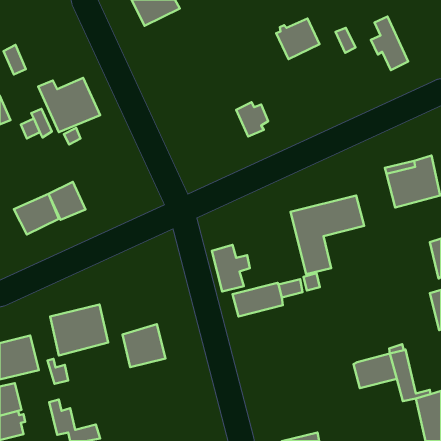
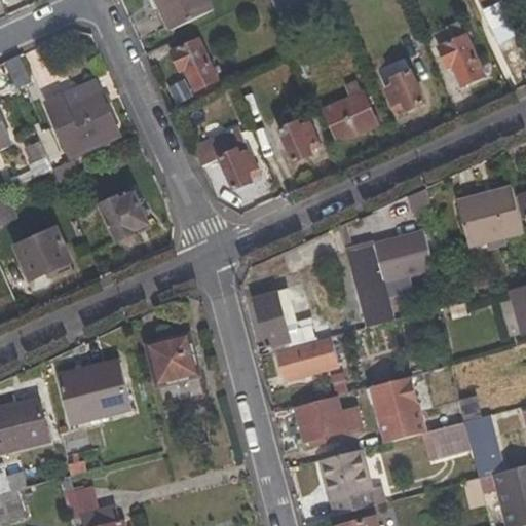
building: [276,18,320,59] -> [325,93,376,142]
building: none -> [173,42,218,89]
building: none -> [386,71,425,110]
building: none -> [195,127,260,189]
building: [48,182,86,220] -> [104,193,148,238]
building: none -> [371,378,424,440]
building: [122,324,166,367] -> [147,333,198,384]
building: none -> [297,398,361,439]
building: none -> [314,446,387,514]

